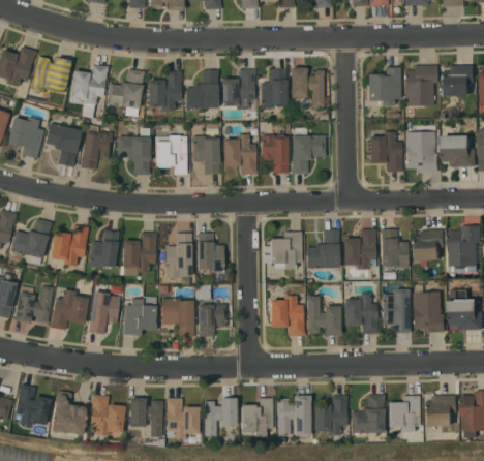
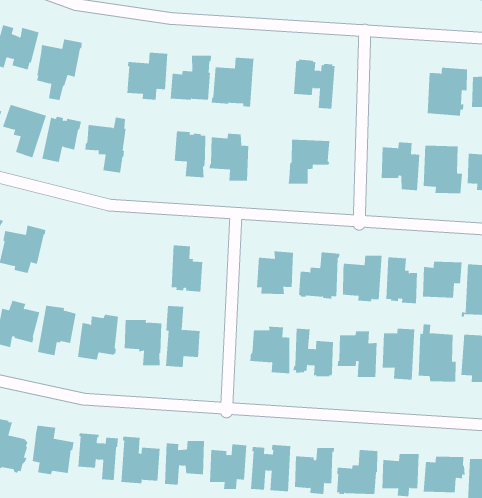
building: [367,67,400,106] -> none
building: [260,68,286,107] -> none
building: [107,69,144,117] -> none
building: [154,134,186,174] -> none
building: [261,134,288,174] -> none
building: [88,229,119,269] -> none
building: [122,232,156,275] -> none
building: [164,233,191,278] -> none

